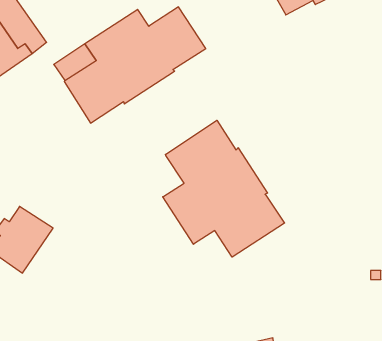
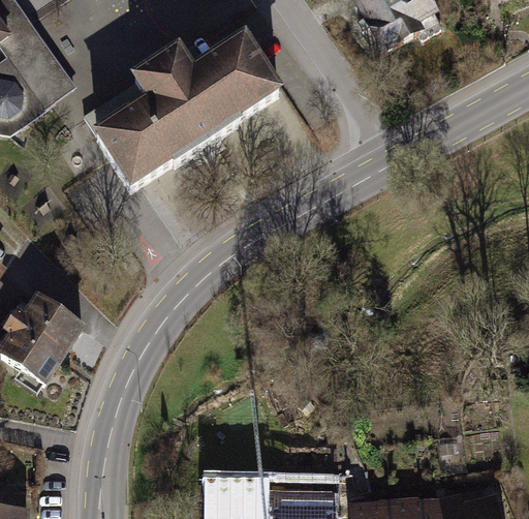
building: [163,120,285,257] -> none

